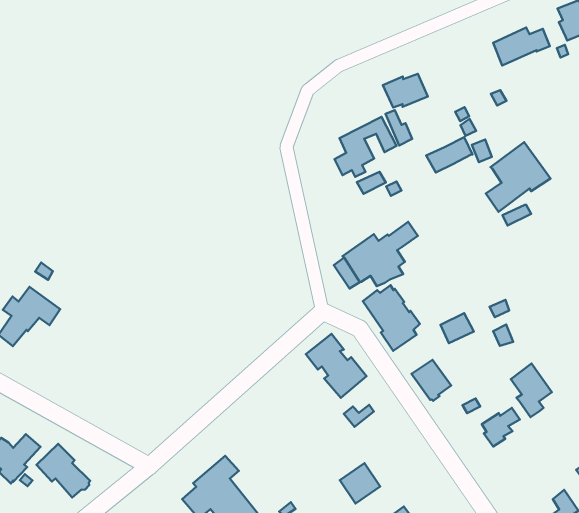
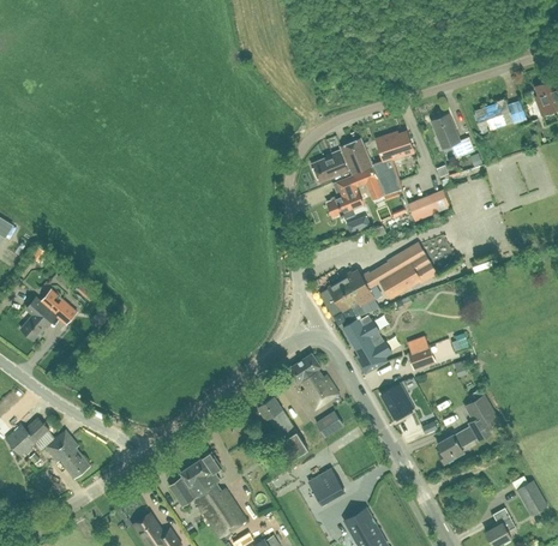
building: none -> [431,113,474,156]
building: none -> [311,138,372,181]
building: [486,142,551,212] -> [380,240,438,299]
building: none -> [257,396,307,456]

